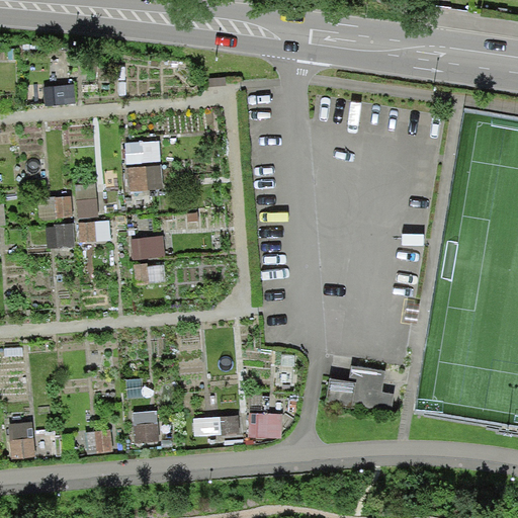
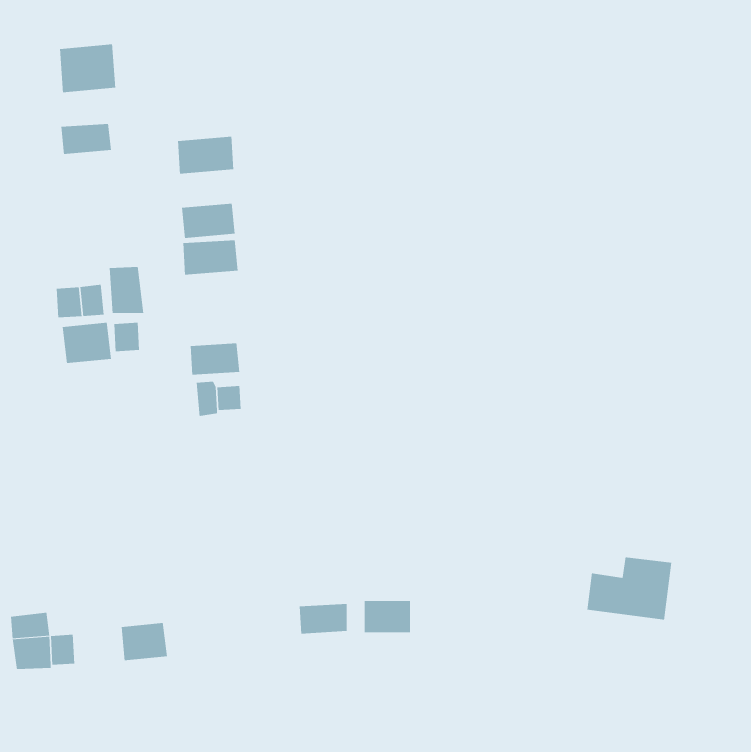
building: none -> [60,44,116,93]
building: none -> [178,136,234,175]
building: [324,366,382,410] -> [587,557,672,620]
building: [133,409,160,442] -> none

